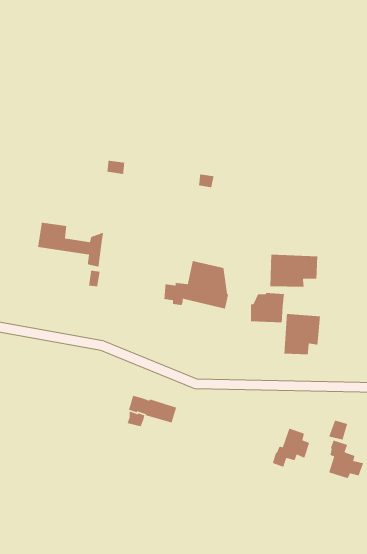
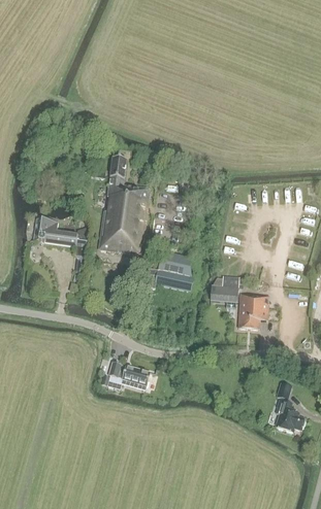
building: none -> [98,157,150,251]
building: [270,254,318,288] -> none
building: [272,428,310,468] -> none

